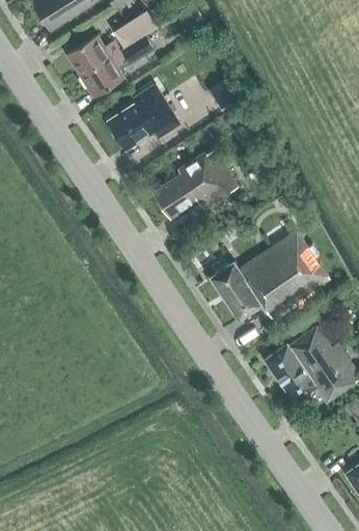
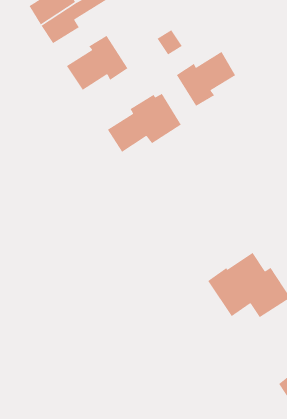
building: none -> [176,51,236,107]
building: [210,231,326,318] -> none

